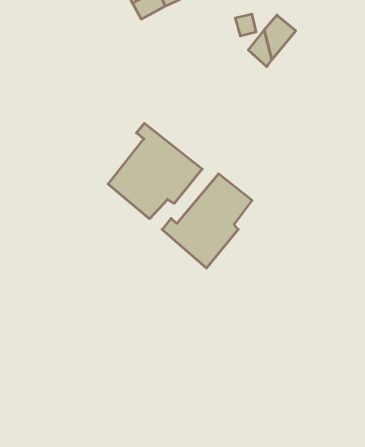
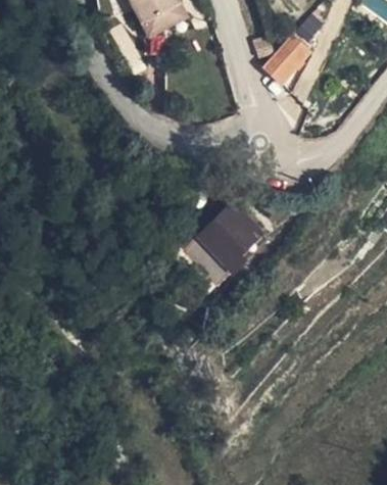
building: [108,123,202,219] -> none

